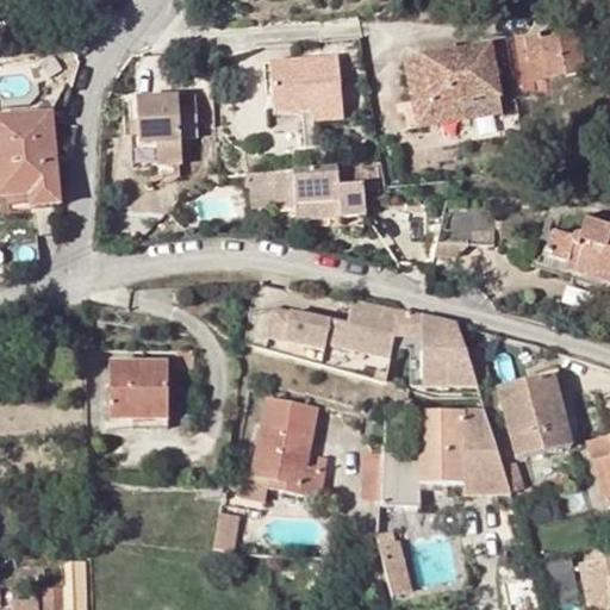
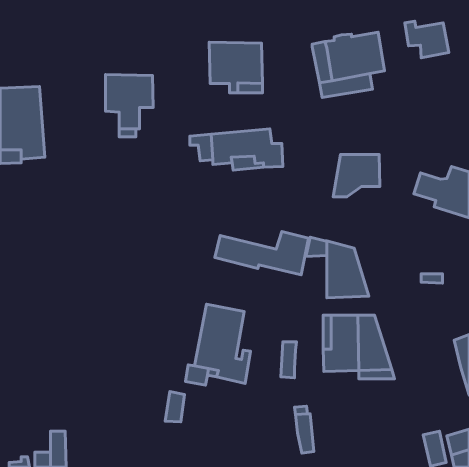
building: [108,360,166,418] -> none
building: [496,372,573,458] -> none

